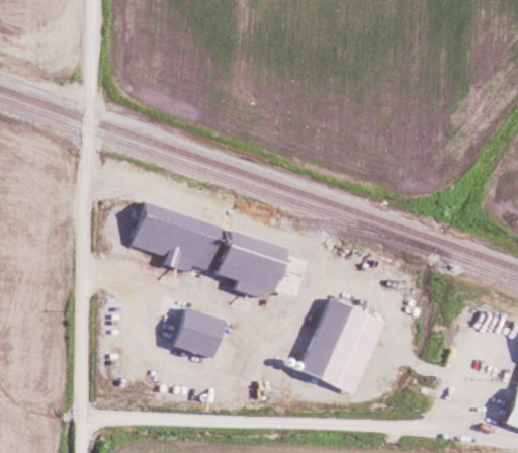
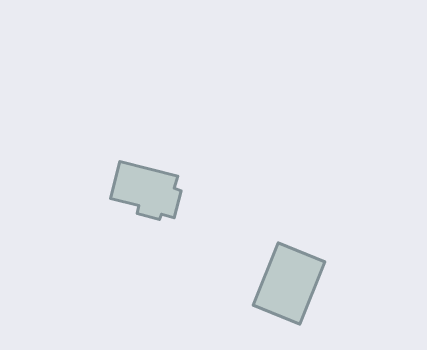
building: [217,232,285,298] -> none
building: [175,309,223,358] -> none

